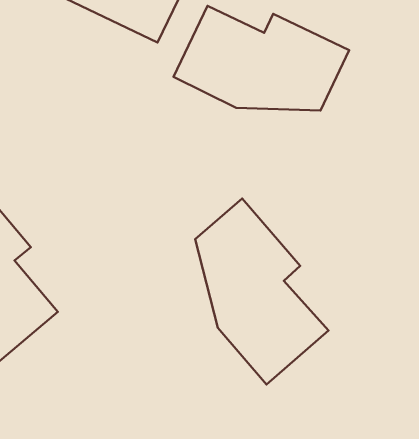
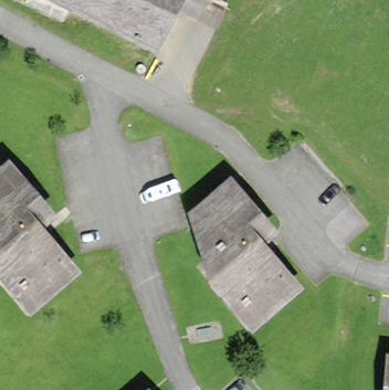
building: [173,6,349,110] -> none

